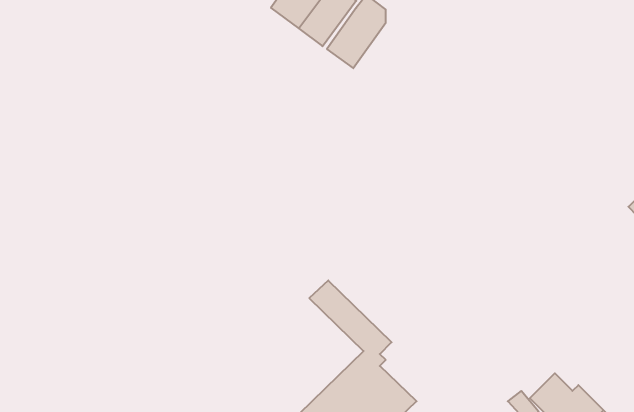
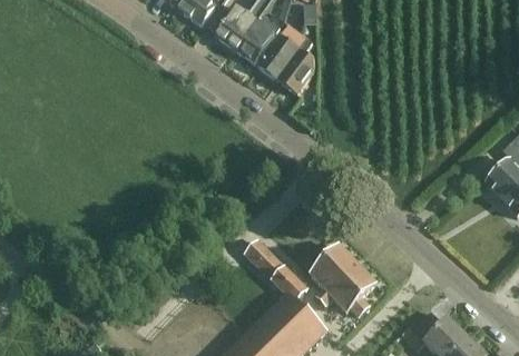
building: none -> [277,36,314,93]
building: none -> [311,246,375,315]

